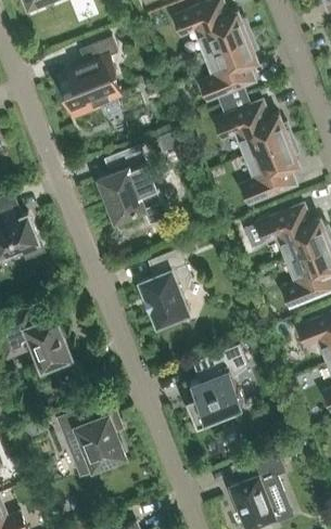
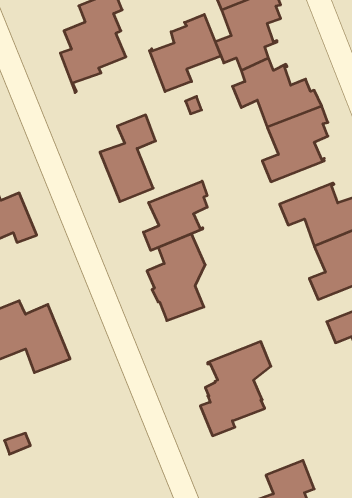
building: none -> [149,14,221,92]
building: none -> [143,181,207,250]
building: [62,408,125,474] -> none

